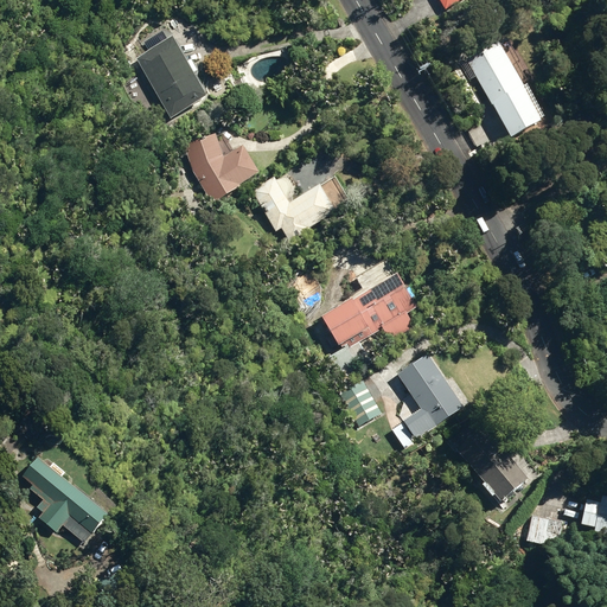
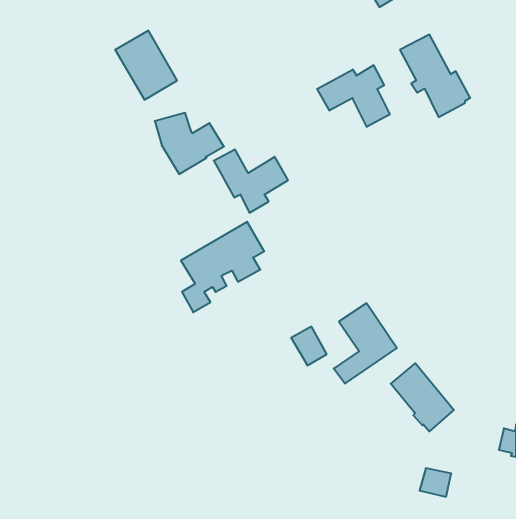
building: none -> [317,65,390,127]
building: [321,271,418,377] -> [181,222,264,312]
building: [23,455,110,542] -> none
building: [524,513,561,547] -> [420,468,451,497]

